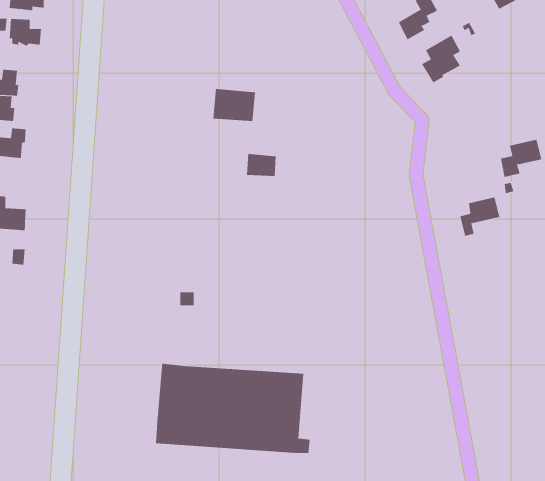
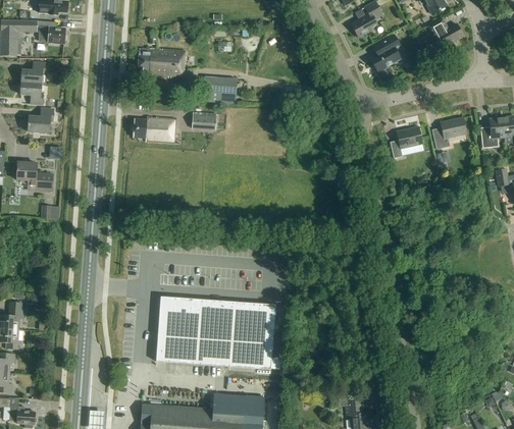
building: none -> [427,17,463,45]
building: none -> [137,48,185,77]
building: none -> [133,115,175,142]
building: [246,154,277,176] -> [192,111,216,129]
building: [459,197,500,236] -> [390,126,422,158]

